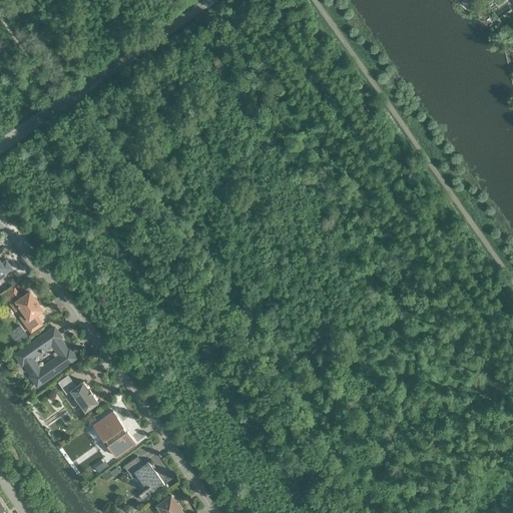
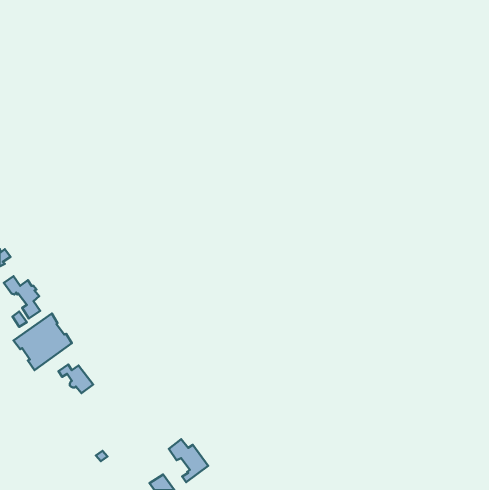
building: [92,411,134,457] -> none
building: [123,456,164,501] -> [169,439,208,482]

